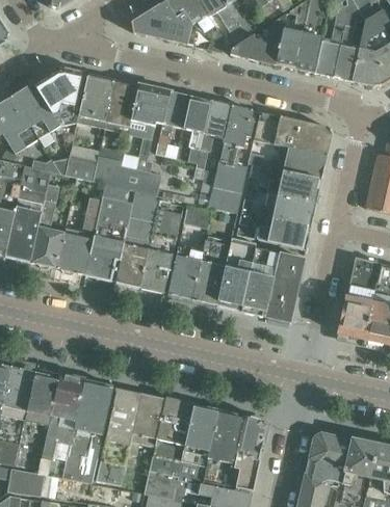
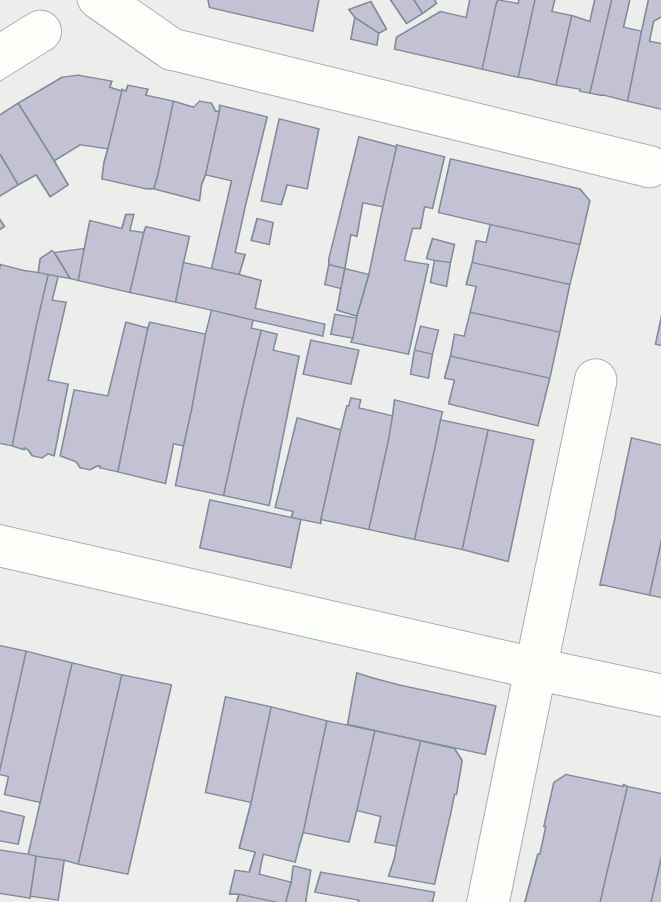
building: [184,96,211,163] -> none
building: none -> [200,500,301,568]
building: none -> [347,673,496,754]
building: [96,386,141,485] -> none

